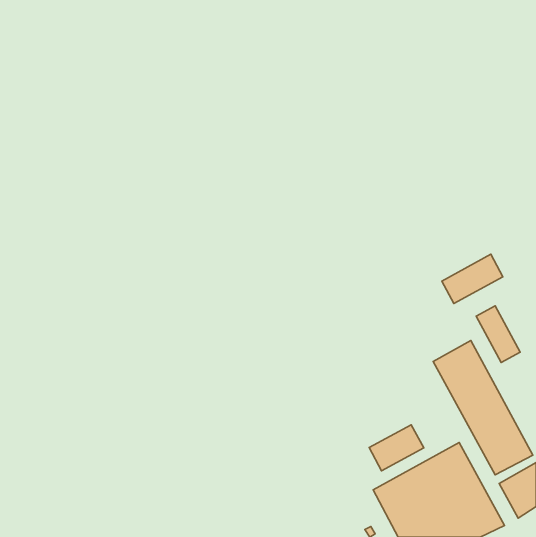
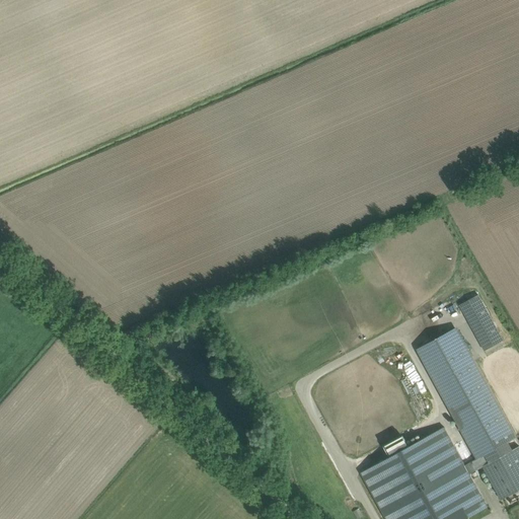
building: [442,254,503,304] -> none
building: [369,425,424,471] -> none

